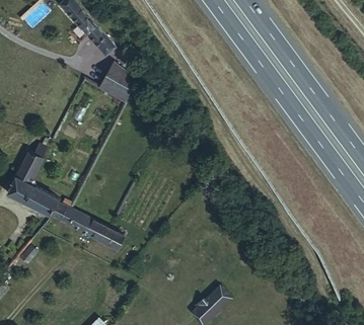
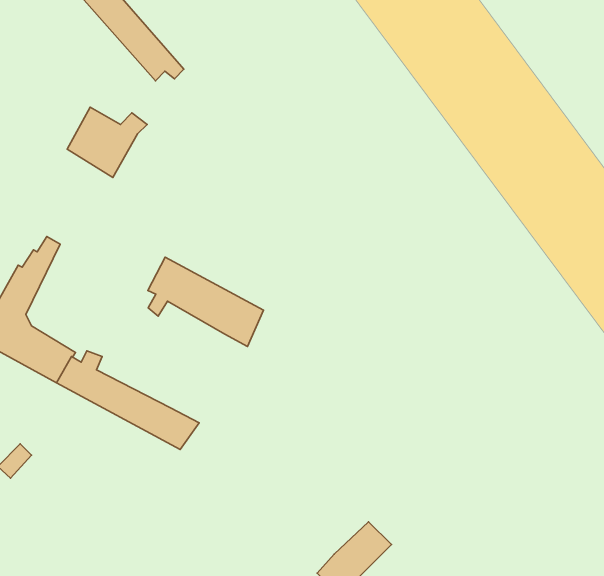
building: [102,65,145,102] -> [67,107,147,178]
building: none -> [148,257,263,347]

